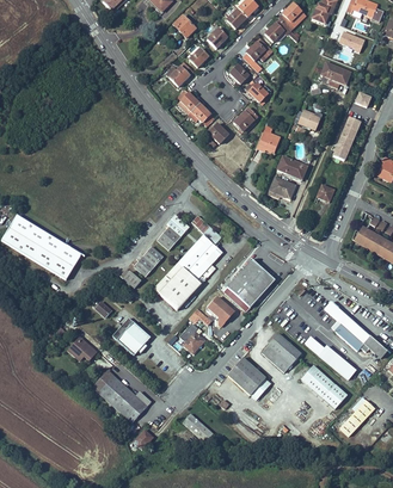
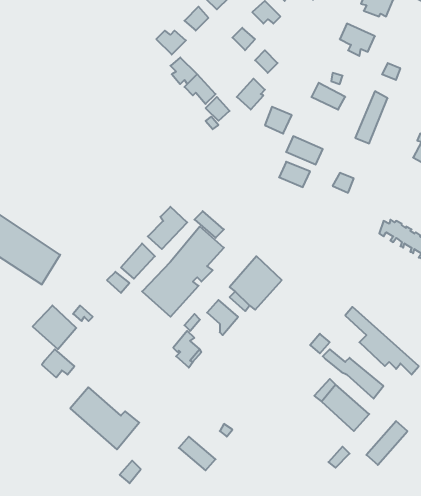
building: [112,316,149,353] -> [33,305,76,349]
building: [258,331,297,369] -> none
building: [226,357,263,394] -> none

